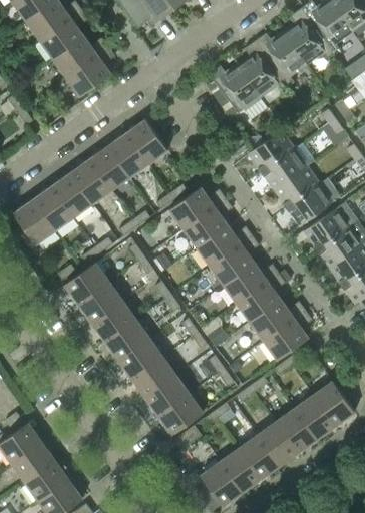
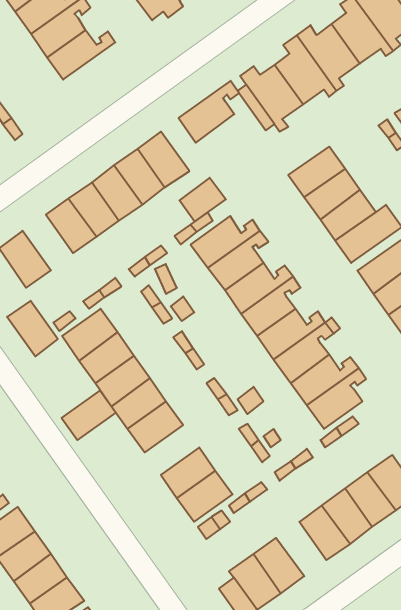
building: [66,47,115,97] -> [179,81,239,143]
building: none -> [179,178,226,222]
building: [33,186,74,231] -> [7,301,58,356]
building: [132,357,176,397] -> [62,391,116,440]
building: [239,435,280,479] -> none

